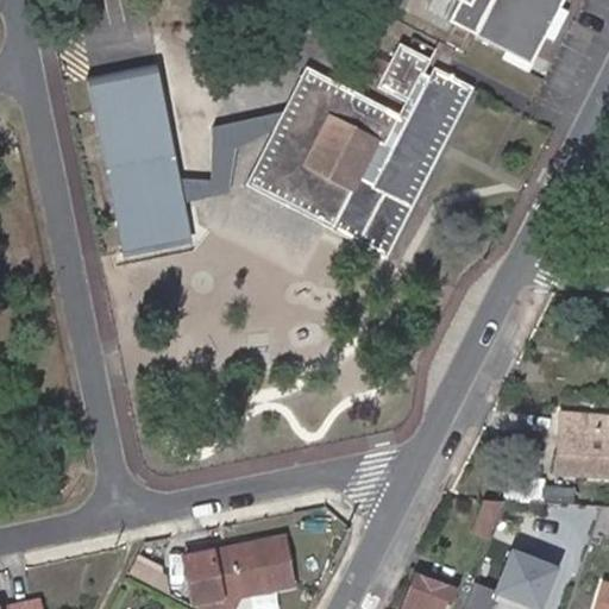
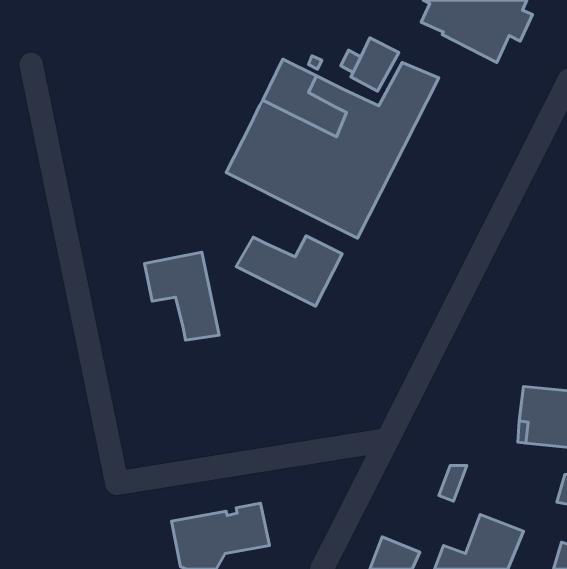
building: [89,62,280,255] -> none
building: none -> [236,236,342,306]
building: none -> [144,252,219,340]

